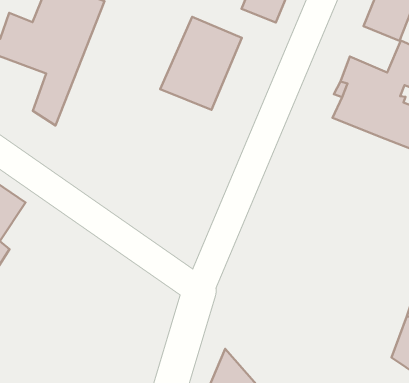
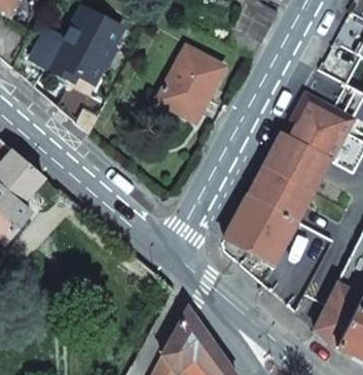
building: none -> [224,133,329,264]

